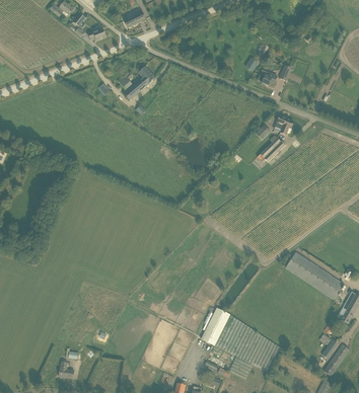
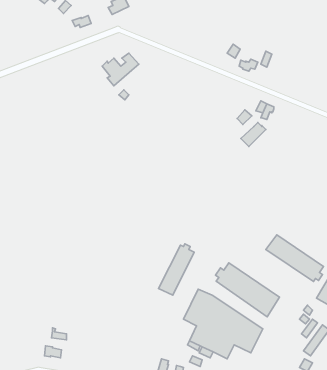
building: none -> [158,244,194,295]
building: none -> [216,263,280,317]

